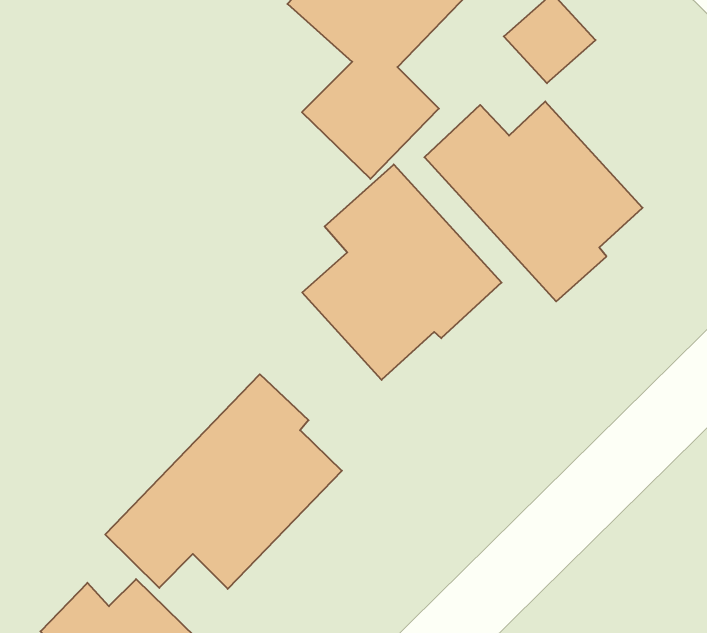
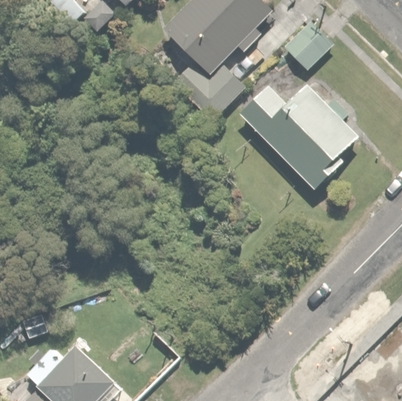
building: [302,164,502,380] -> none
building: [105,374,342,589] -> none

